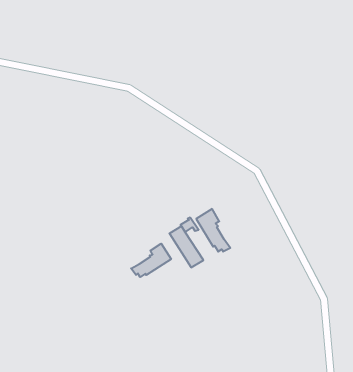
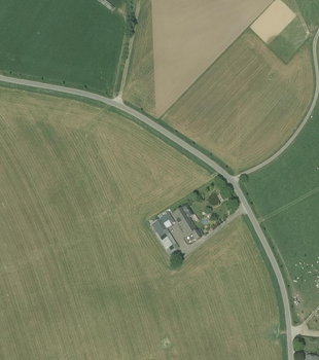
building: [131,244,171,277] -> none

